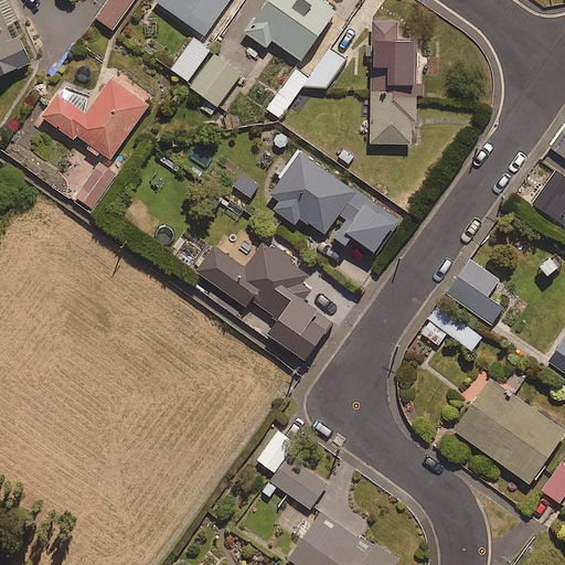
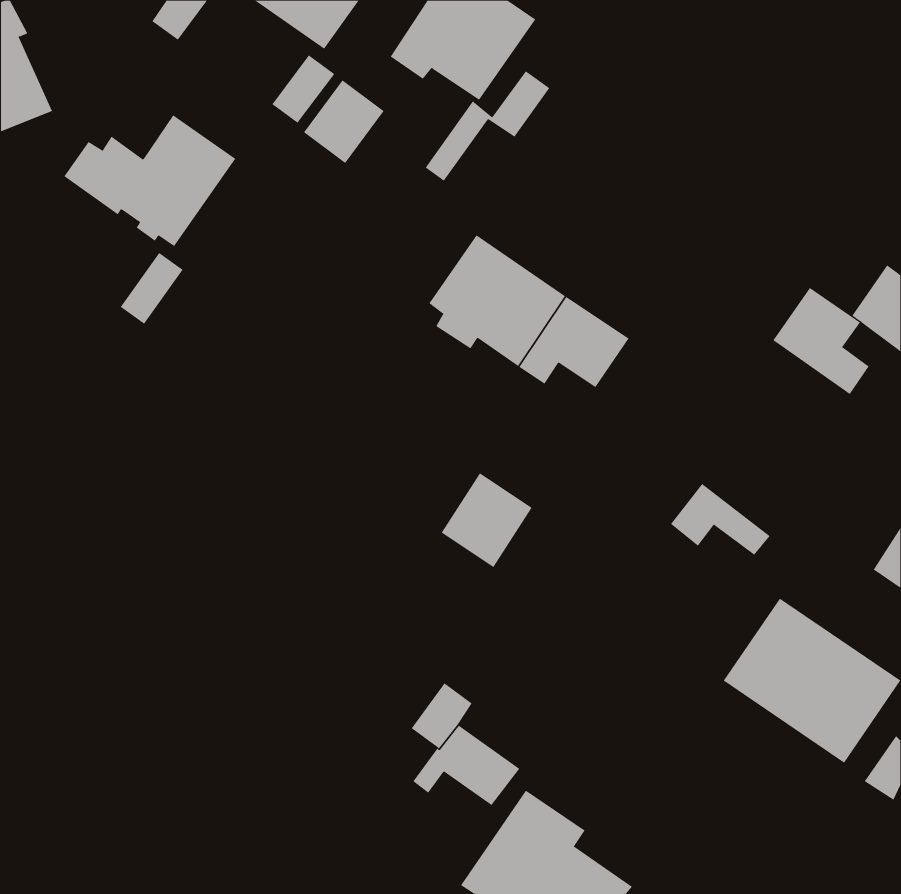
building: [370,20,420,143] -> none
building: [194,239,310,319] -> none
building: [443,258,503,326] -> [773,287,870,395]

